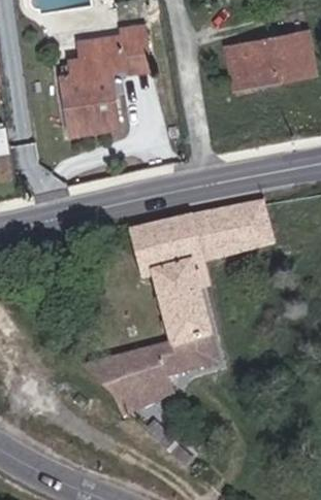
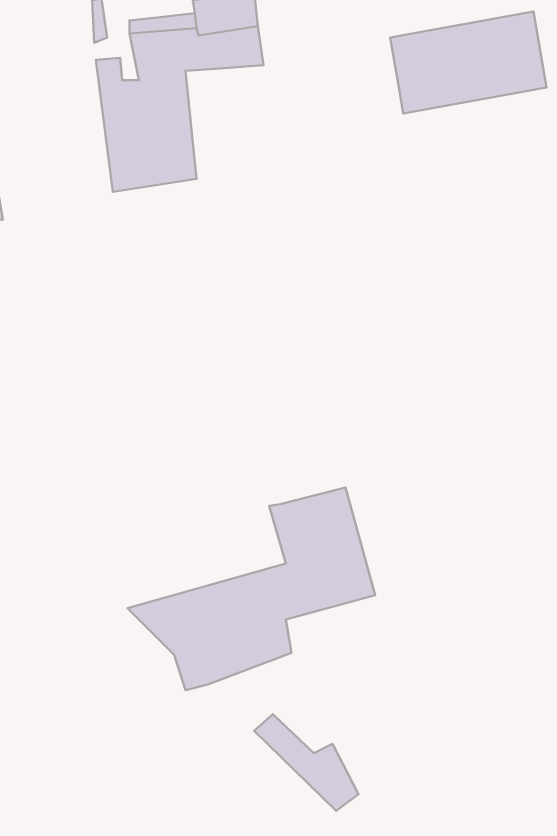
building: [134,199,277,307] -> none

